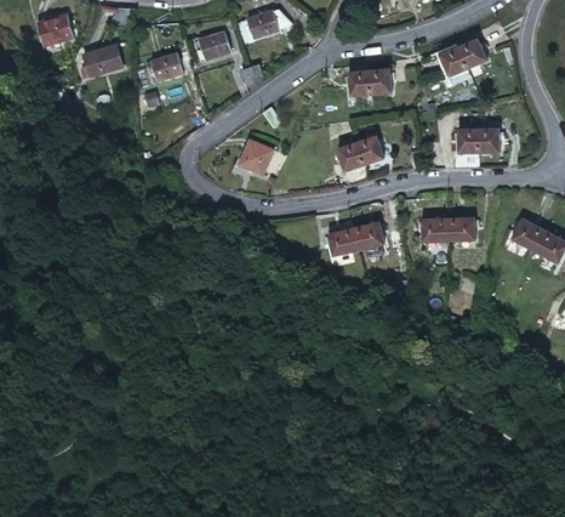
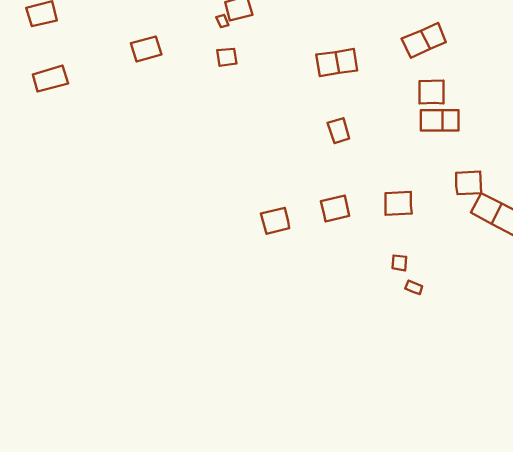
building: [201,33,232,58] -> none
building: [84,44,121,72] -> [33,65,68,92]
building: none -> [419,80,443,104]
building: [239,141,272,175] -> none
building: [337,144,366,172] -> none
building: [447,217,474,242] -> [456,172,481,194]
building: [326,228,356,256] -> [261,208,289,234]

